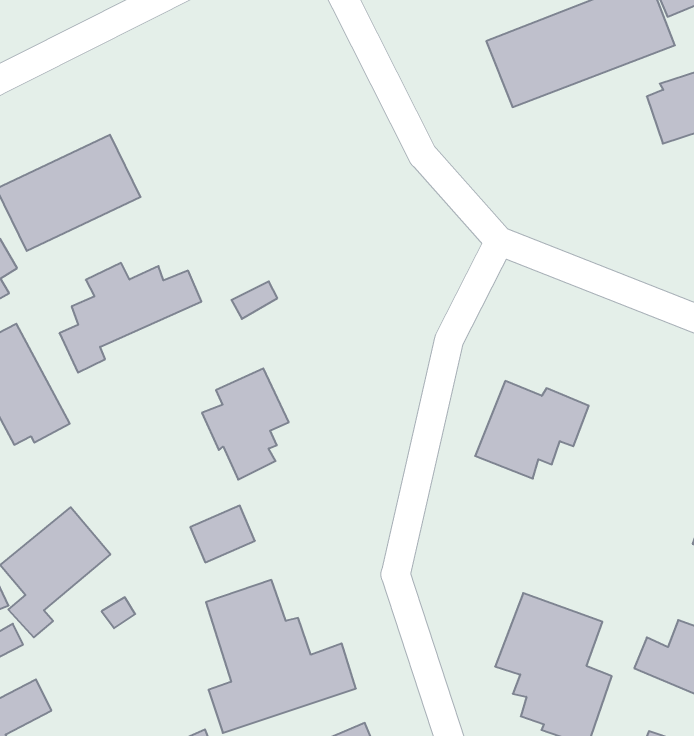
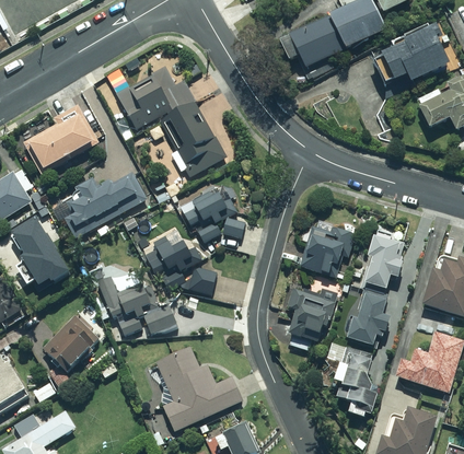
building: none -> [112,63,230,178]
building: none -> [177,189,246,243]
building: none -> [340,229,405,347]
building: none -> [188,267,216,293]
building: none -> [97,276,150,335]
building: none -> [286,284,341,350]

